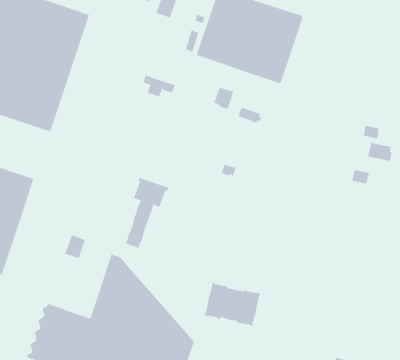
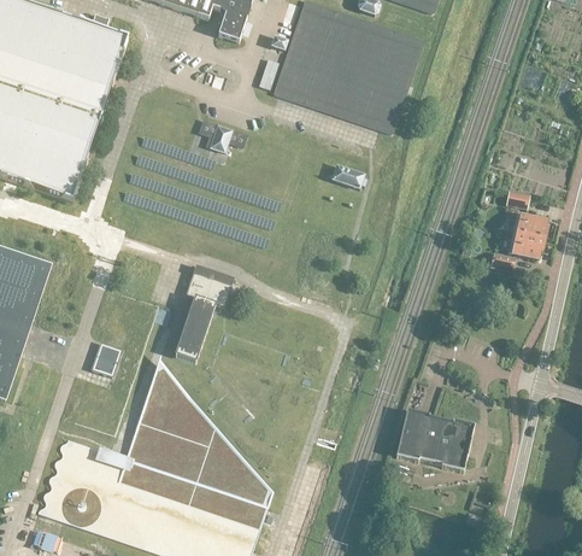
building: [214,87,234,110] -> none
building: none -> [507,234,543,259]
building: [204,282,261,327] -> [394,410,474,472]

